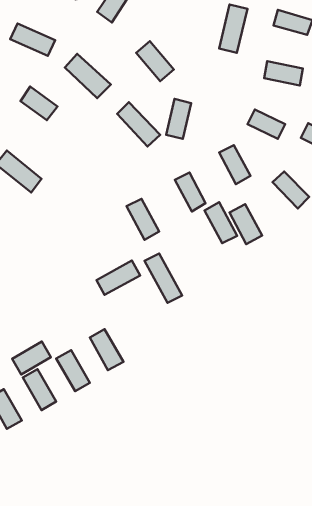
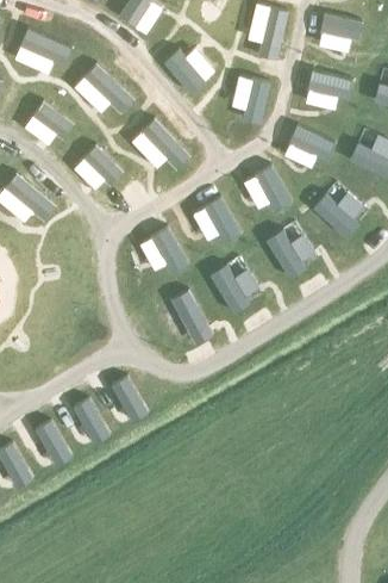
building: [166,99,191,139] -> [243,79,271,124]
building: none -> [83,145,124,185]
building: [204,202,237,243] -> [213,267,250,314]
building: [96,261,140,295] -> none
building: [12,342,51,374] -> none

